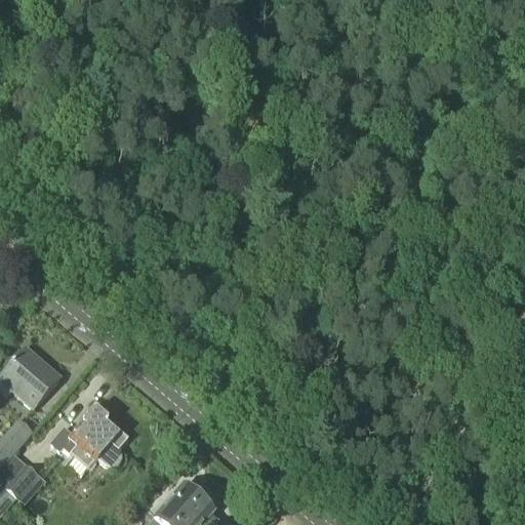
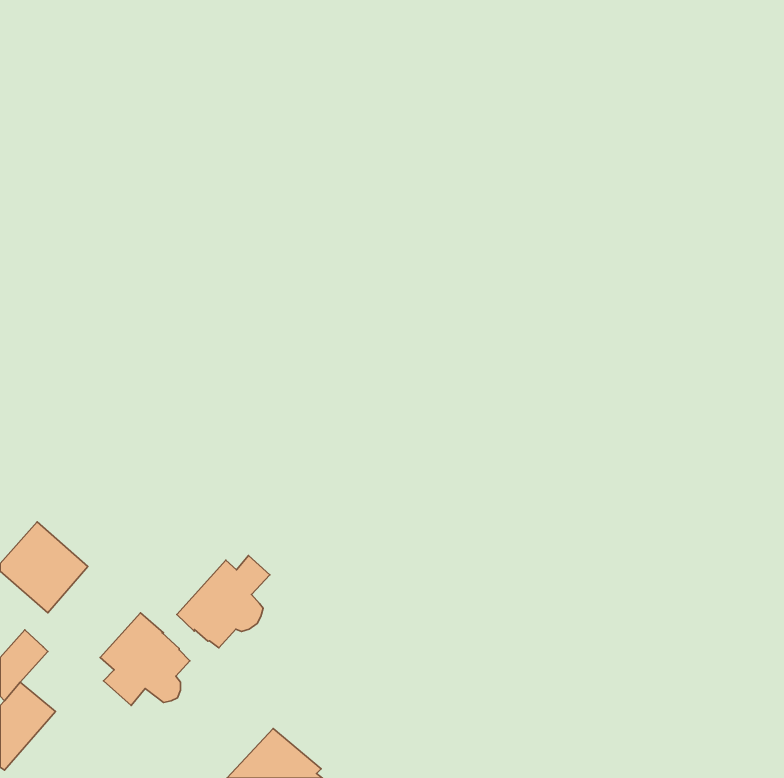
building: none -> [177,555,270,648]

